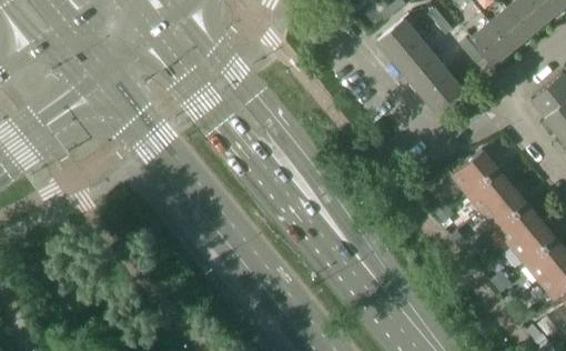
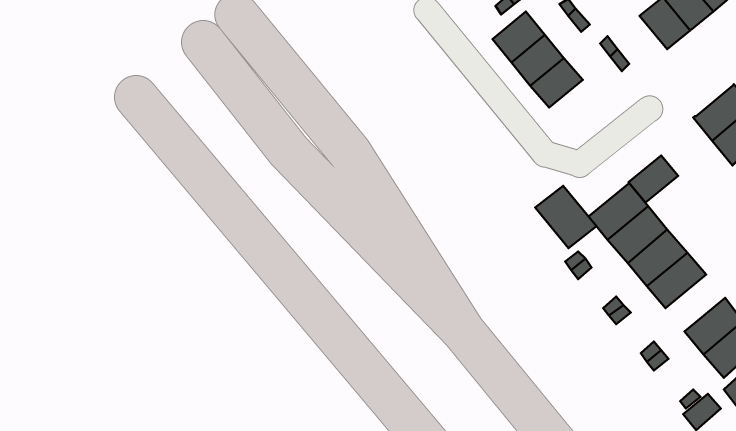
building: [472,22,512,63] -> none
building: [422,71,462,111] -> none
building: none -> [629,156,678,203]
building: none -> [535,186,596,248]
building: [511,220,556,263] -> none

